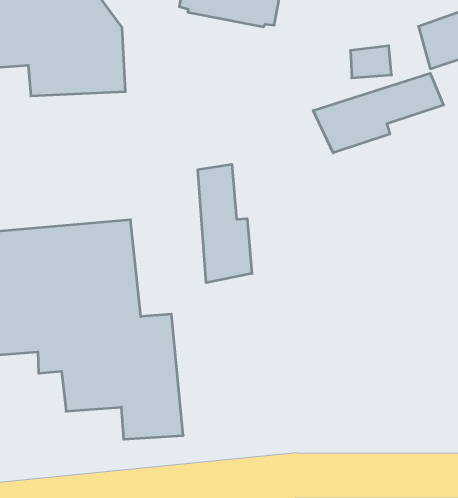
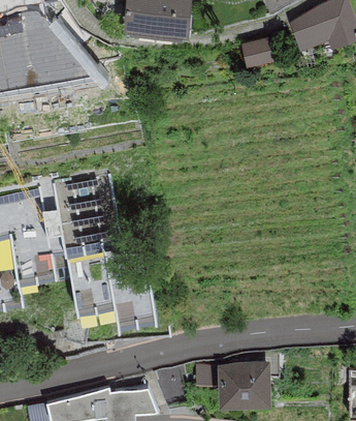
building: [313,73,444,153] -> none
building: [198,164,252,283] -> none

